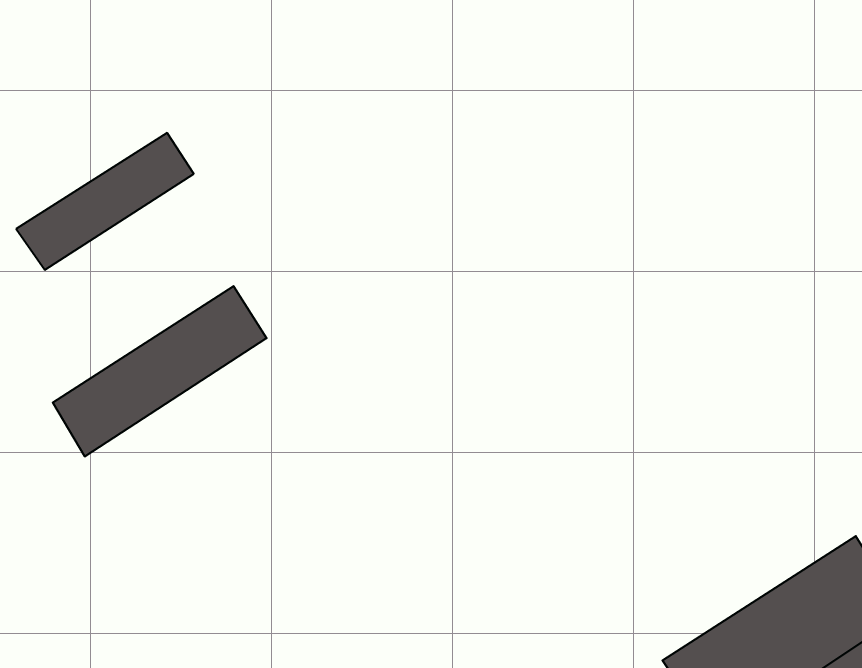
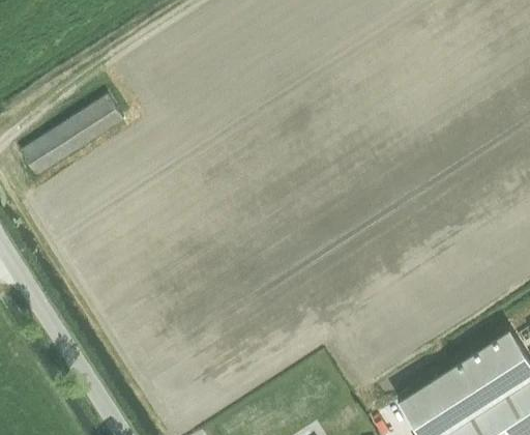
building: [53,286,267,457] -> none

